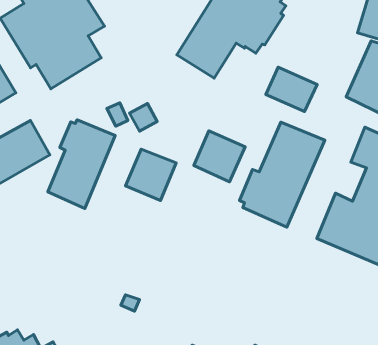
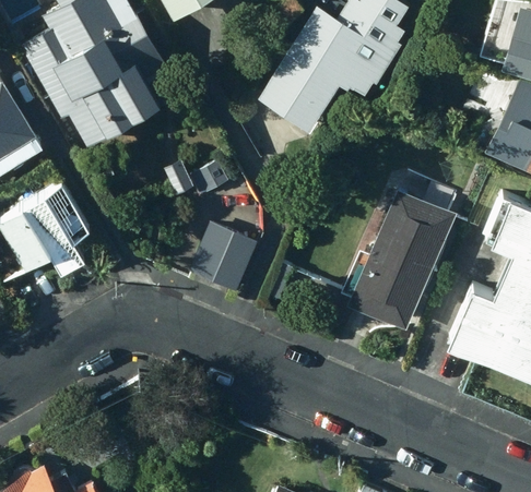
building: [266,67,317,111] -> none
building: [48,120,115,208] -> none
building: [194,131,245,182] -> none

